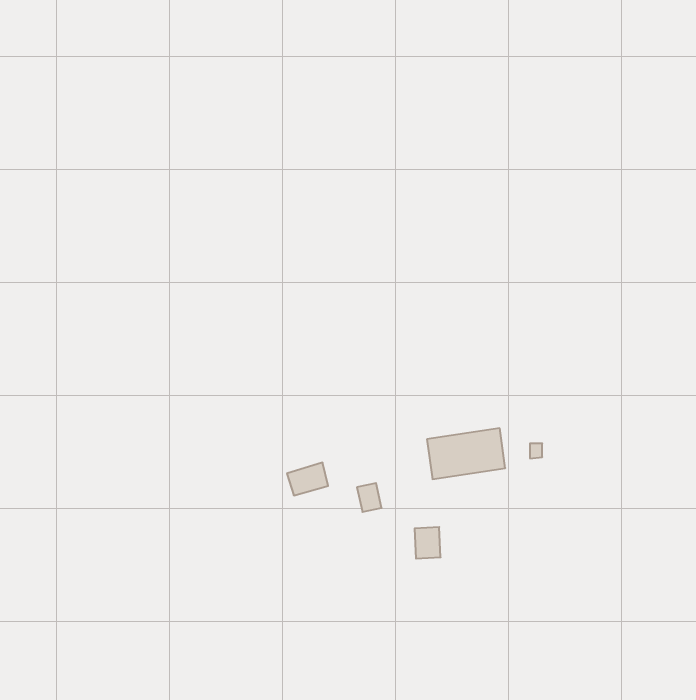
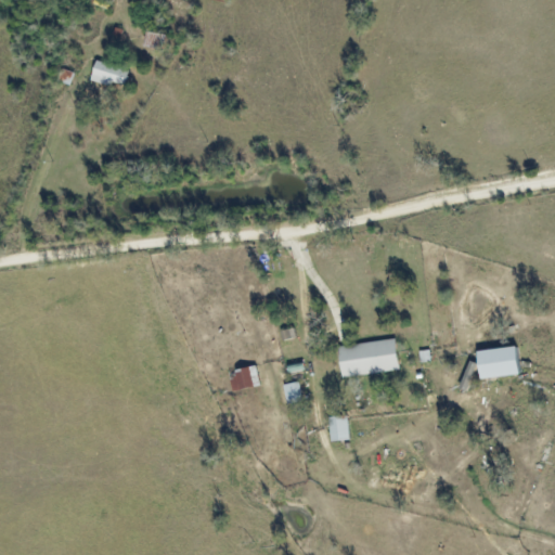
building: none -> [89,60,128,88]
building: none -> [475,347,517,378]

